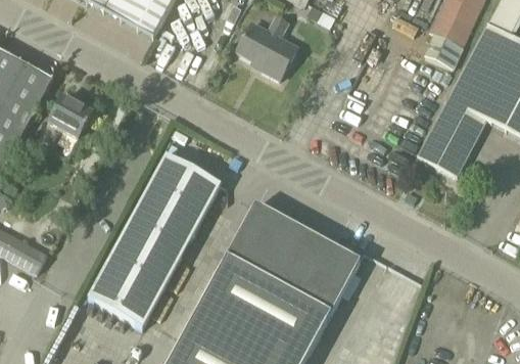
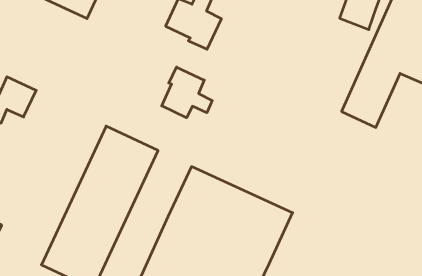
building: none -> [162,67,212,118]

